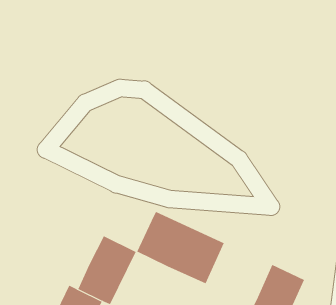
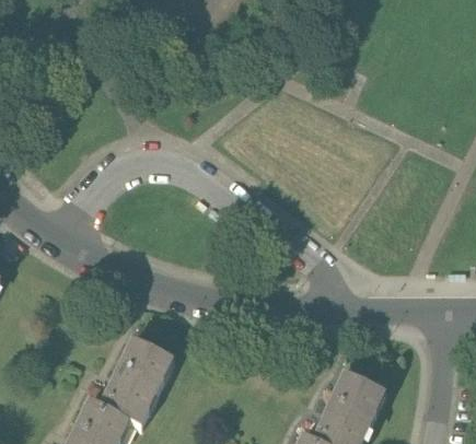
building: [136,211,225,284] -> none

